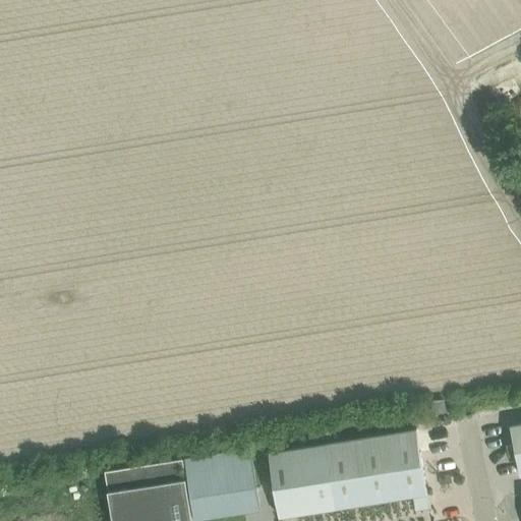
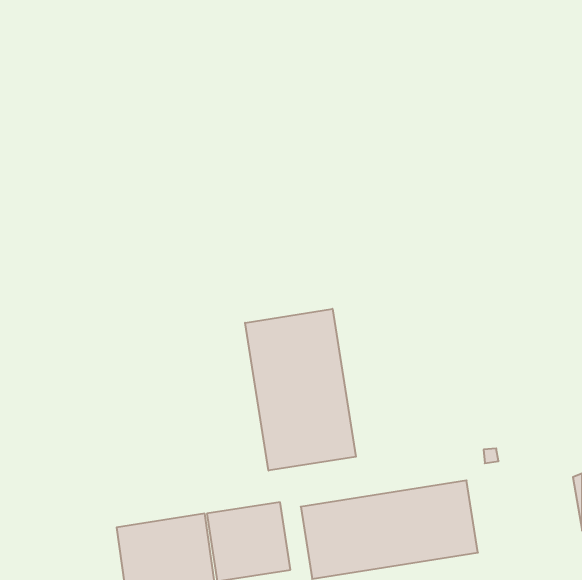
building: none -> [245,309,356,471]

